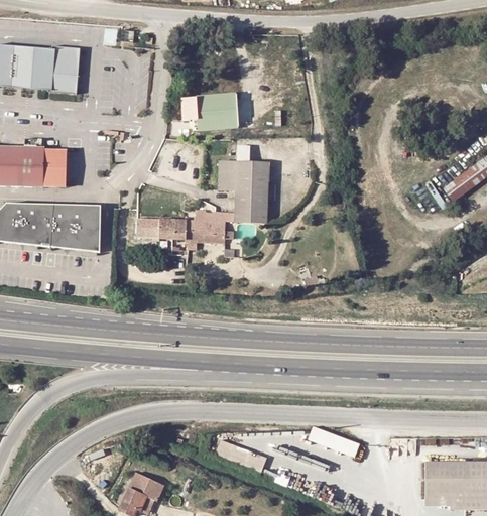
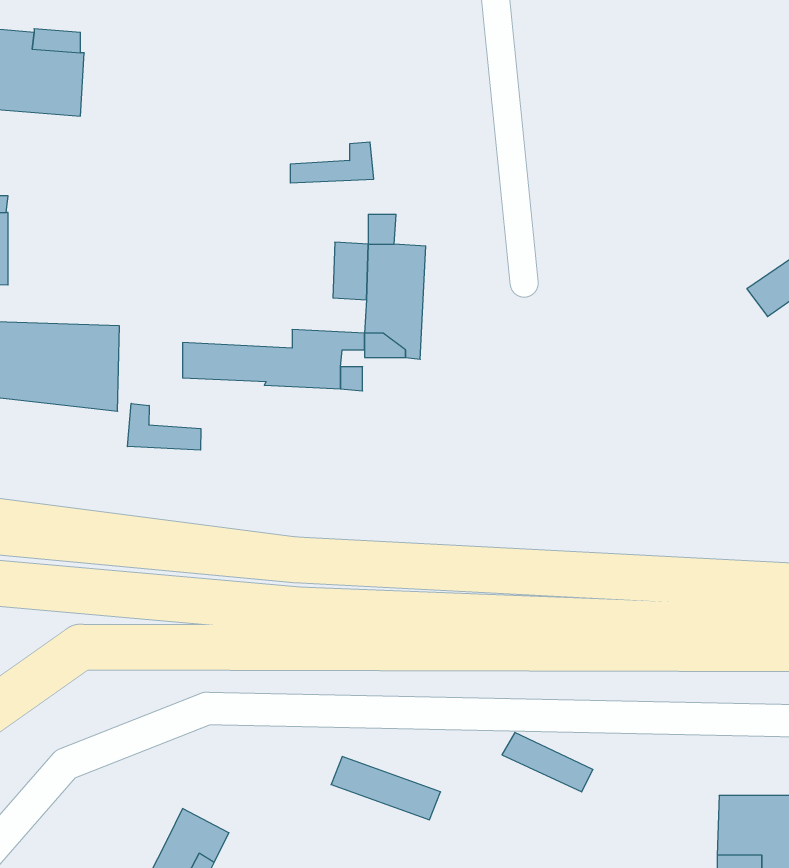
building: [182,93,237,119] -> none
building: [40,149,60,182] -> none
building: none -> [127,403,201,450]

